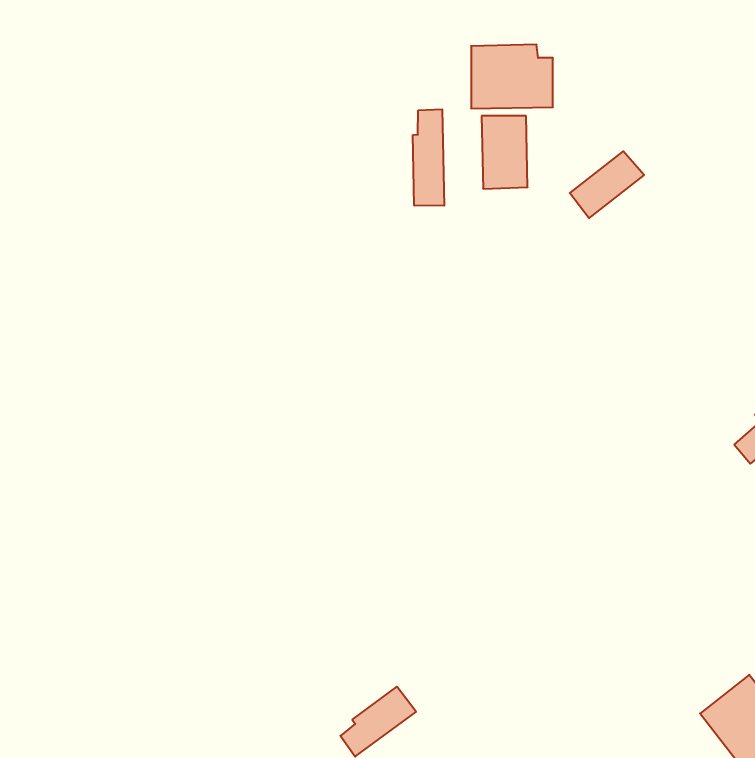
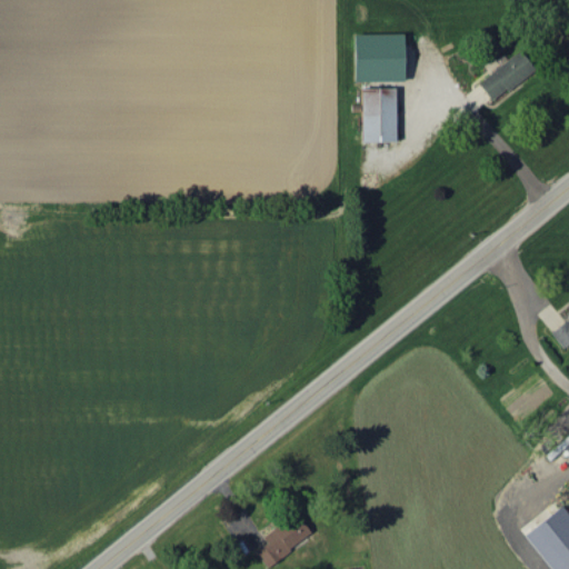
building: [413,109,444,206] -> none
building: [570,151,644,218] -> [479,52,535,102]

